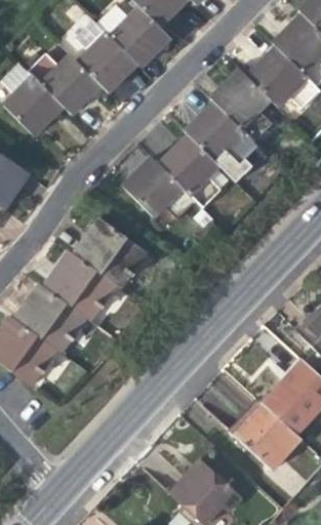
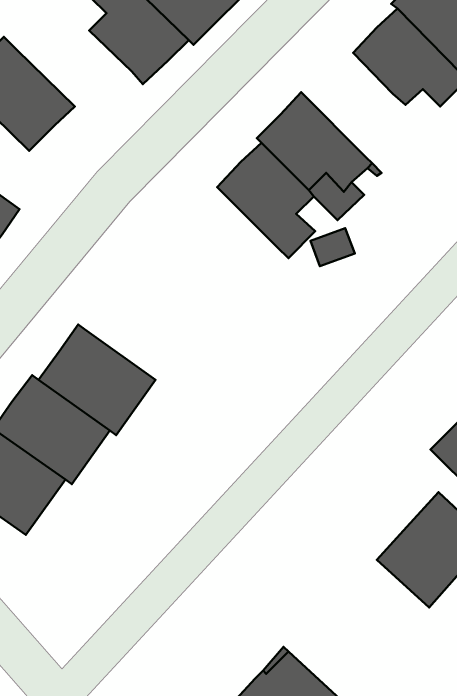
building: [29,52,104,115] -> none
building: [209,66,274,140] -> none
building: [122,154,198,218] -> none
building: [73,216,148,287] -> none
building: [233,402,300,469] -> none

